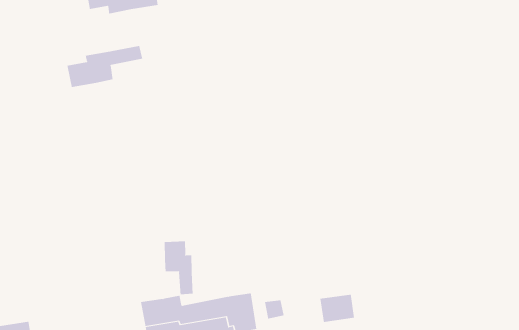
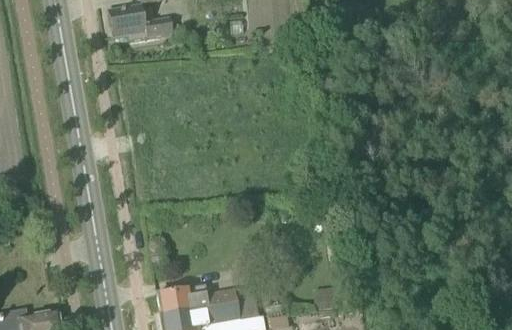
building: [67,45,143,88] -> none
building: [164,241,193,295] -> none

